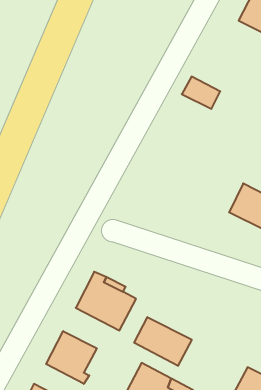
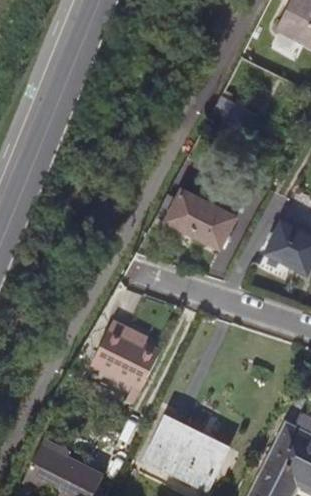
building: none -> [170,187,239,247]
building: [134,317,192,366] -> none
building: [46,331,97,384] -> none

